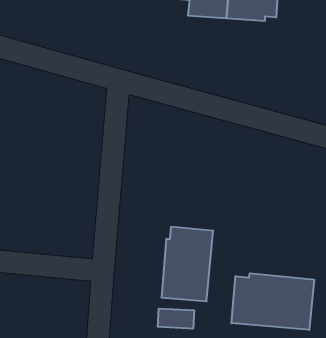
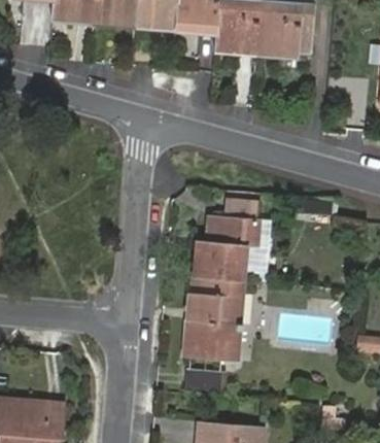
building: none -> [196,214,258,281]
building: [231,273,314,330] -> none

